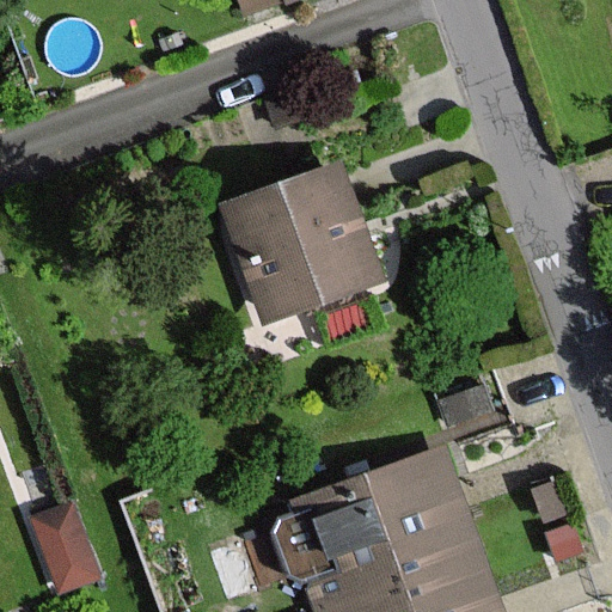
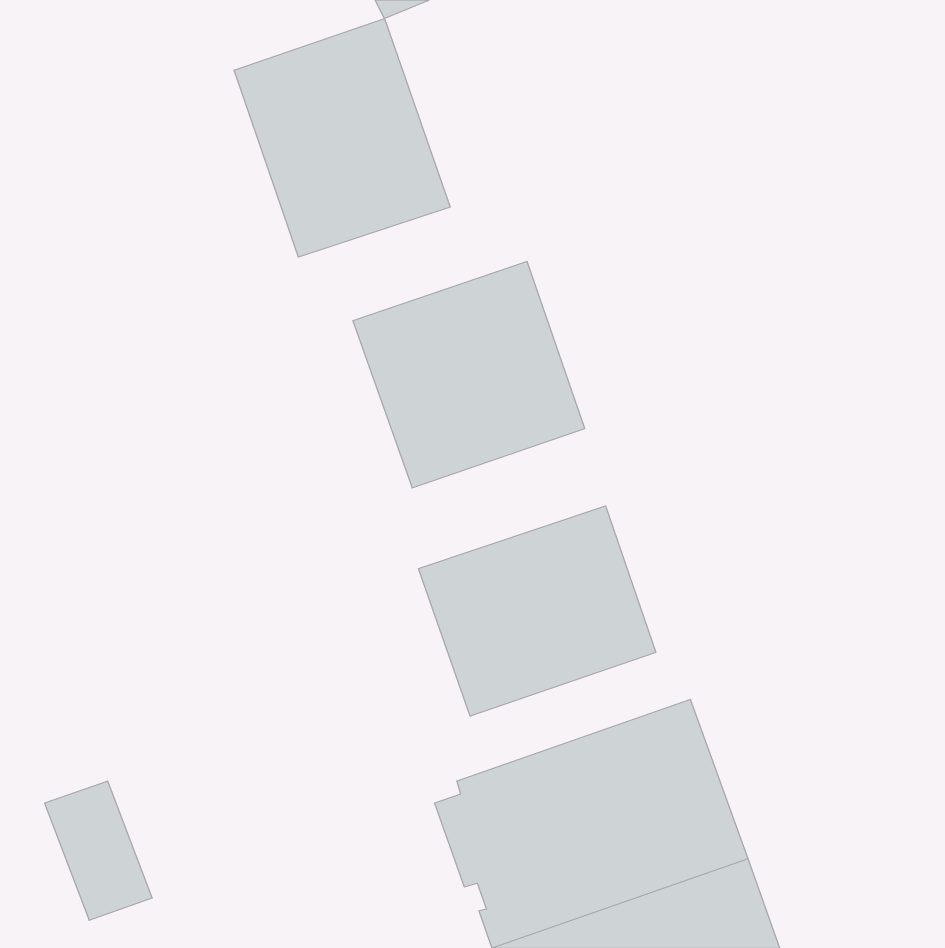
building: none -> [234,18,450,257]
building: none -> [419,506,656,716]

